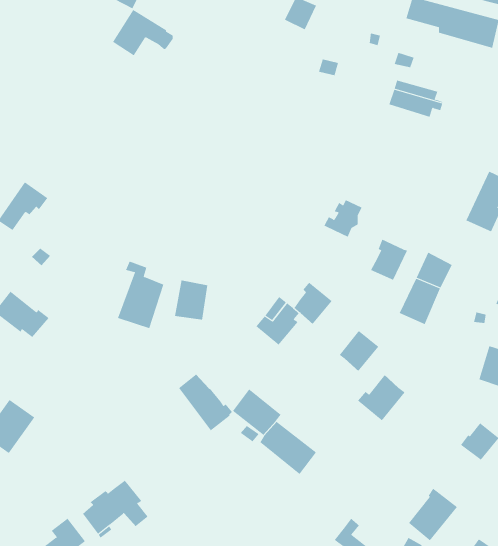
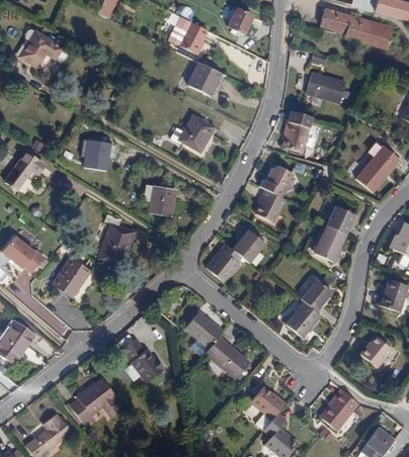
building: [112,9,173,56] -> [18,31,66,68]
building: none -> [177,21,207,55]
building: none -> [186,63,221,96]
building: none -> [177,114,215,153]
building: none -> [283,121,309,151]
building: none -> [83,140,109,171]
building: [370,239,408,280] -> [250,187,279,219]
building: [174,280,208,320] -> [148,185,174,216]
building: none -> [52,258,88,297]
building: [339,330,379,372] -> [301,279,332,311]
building: [178,374,233,431] -> [120,340,163,384]
building: none -> [251,387,285,430]

